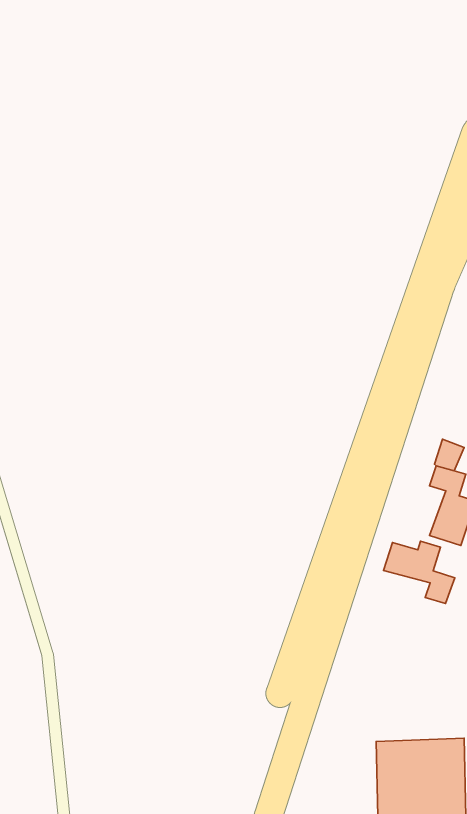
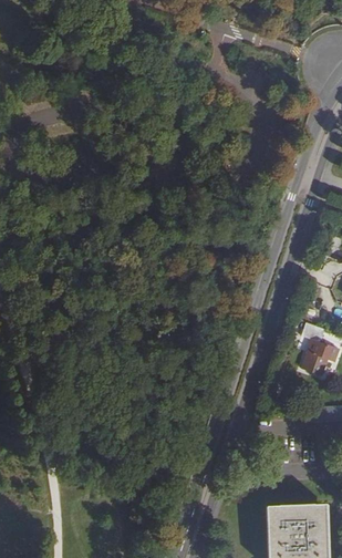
building: [384,541,455,604] -> none

